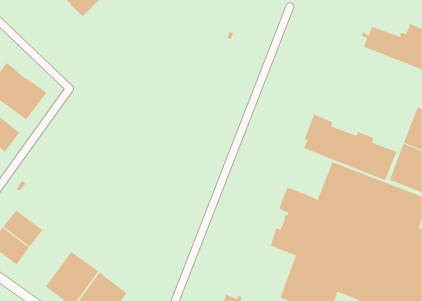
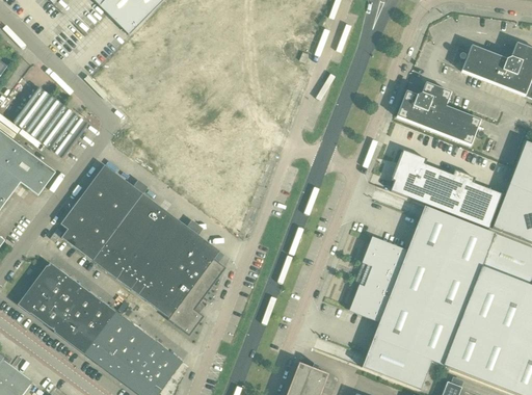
building: none -> [396,82,482,146]
building: none -> [60,165,224,336]
building: none -> [51,287,115,353]

